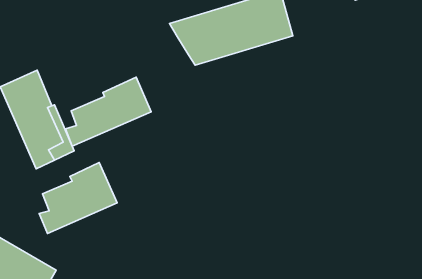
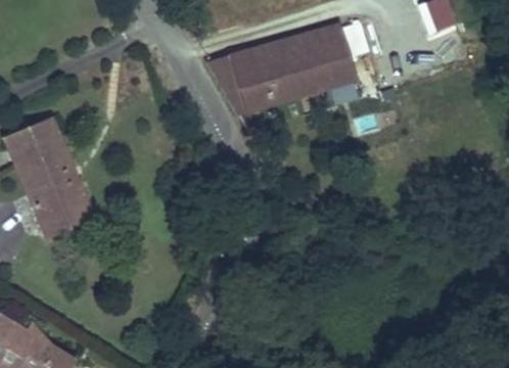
building: [65,77,151,146] -> none
building: [39,163,117,234] -> none

